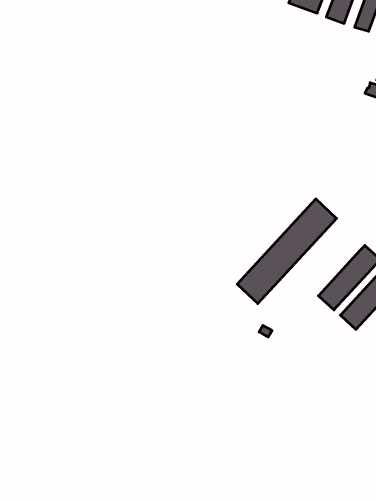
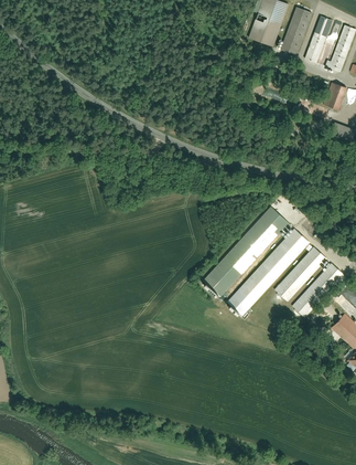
building: none -> [227,229,309,315]

